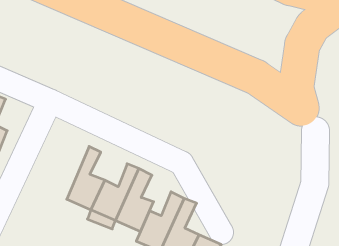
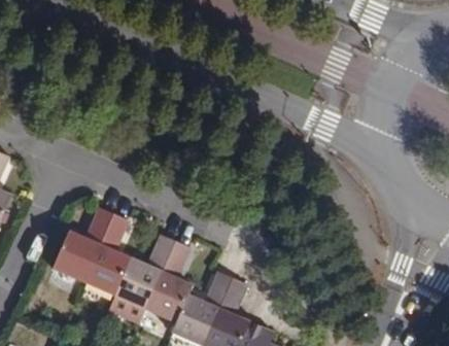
building: none -> [54,208,113,280]

